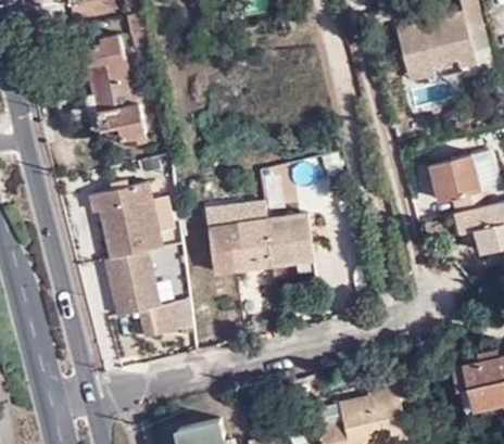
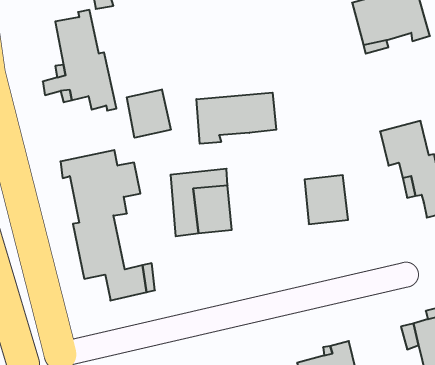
building: none -> [127,89,171,138]
building: none -> [196,93,276,144]
building: [266,214,312,265] -> [305,175,348,224]

